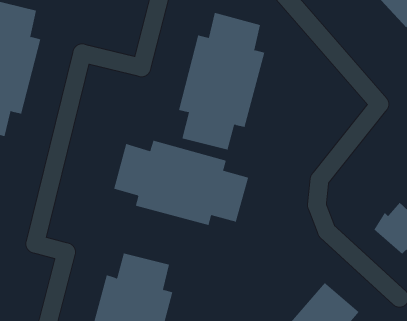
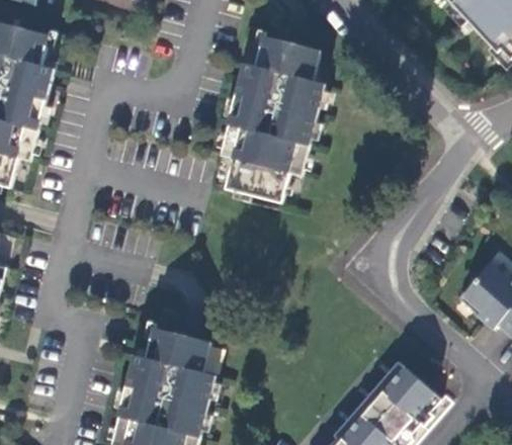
building: [114,140,249,226] -> none

